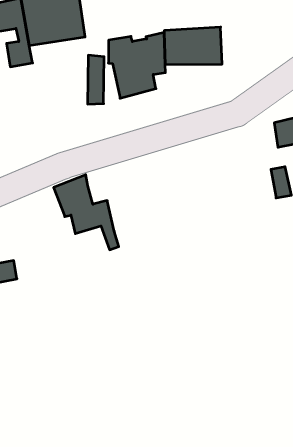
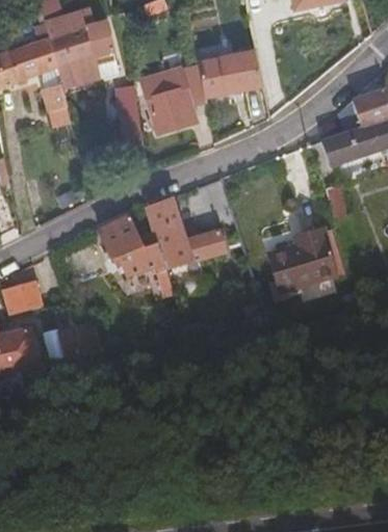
building: none -> [148,197,231,281]
building: none -> [264,231,335,297]

